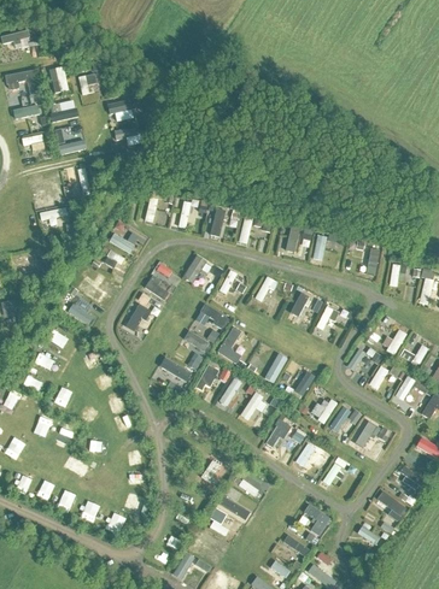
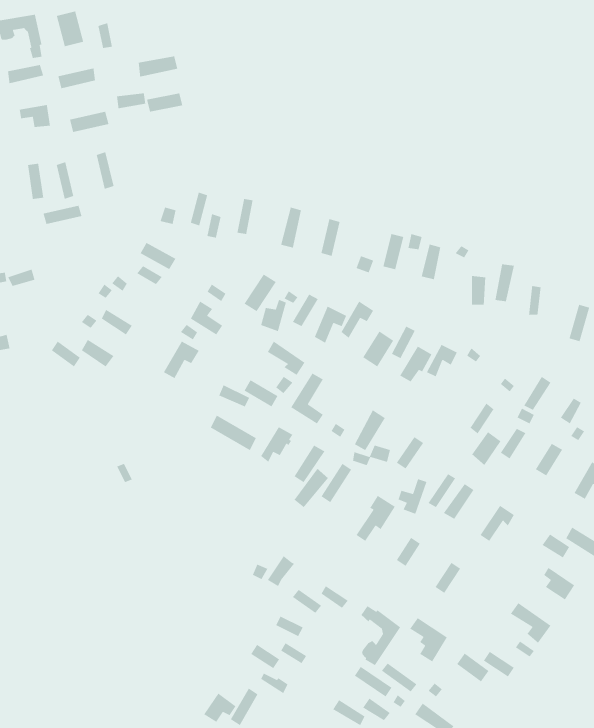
building: none -> [361,605,401,666]

